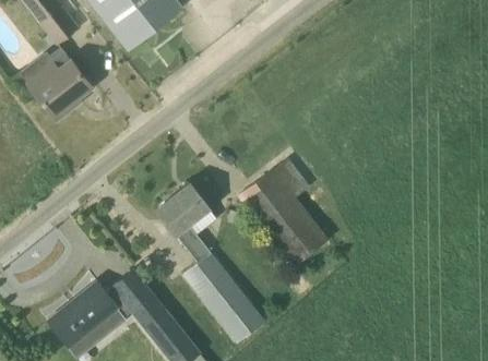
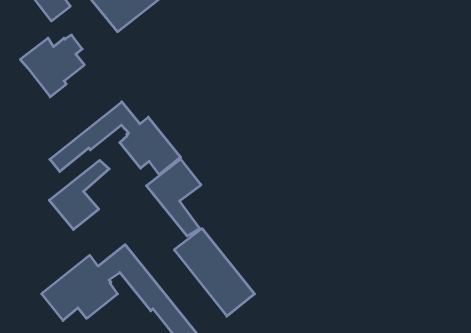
building: none -> [50,102,181,174]
building: [238,158,330,267] -> none
building: none -> [49,160,109,230]

